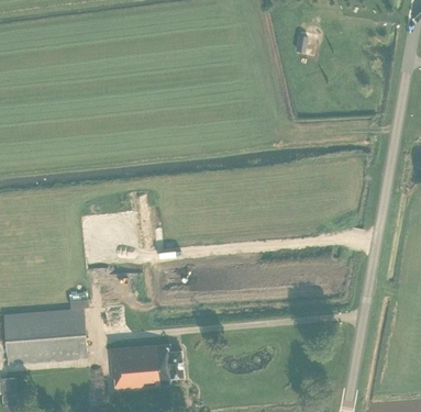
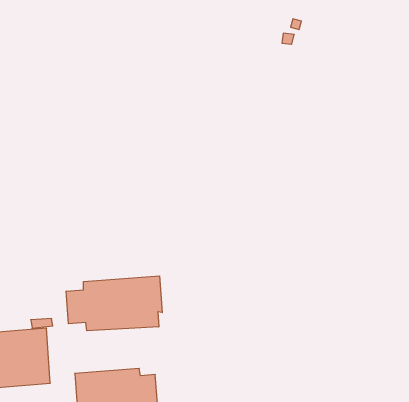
building: none -> [66,276,162,331]

